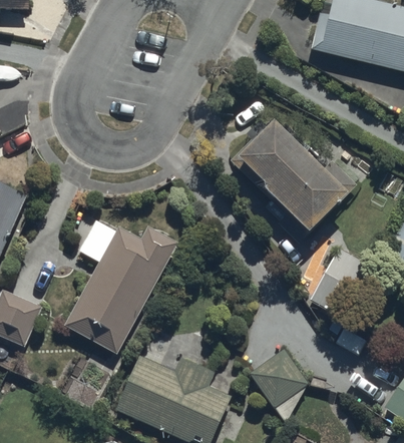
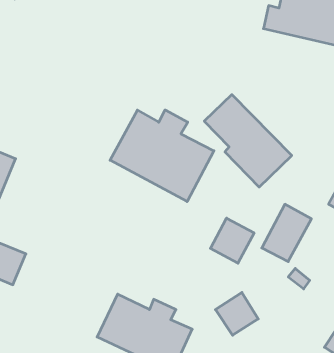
building: none -> [110,110,214,202]
building: [68,230,174,351] -> none
building: none -> [210,218,254,263]

